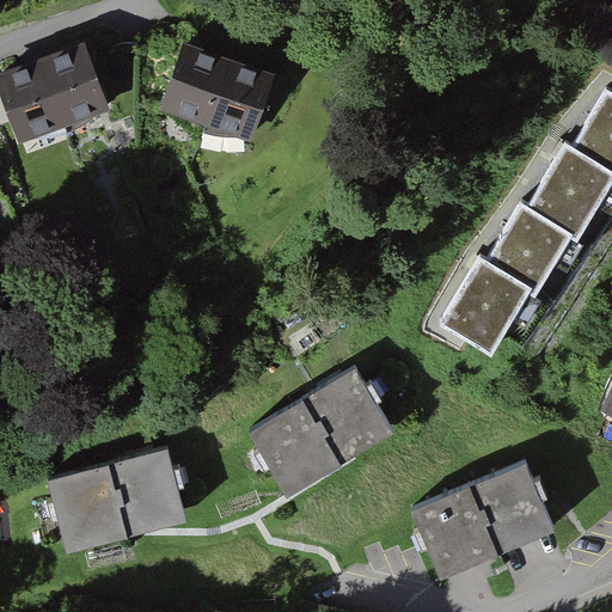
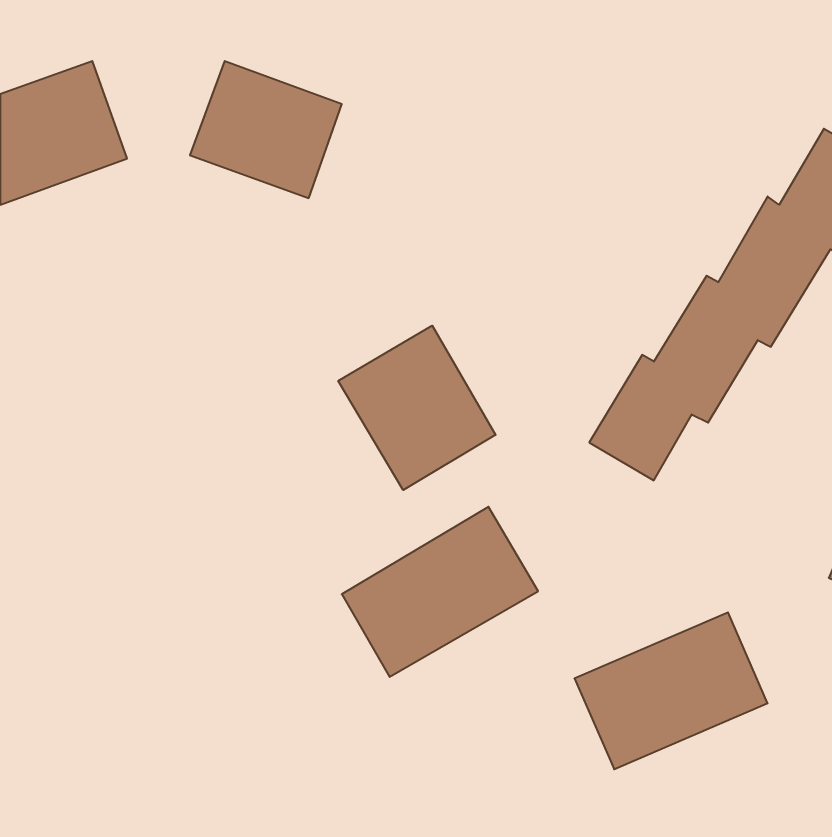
building: none -> [338,326,496,490]
building: [54,452,194,552] -> none

